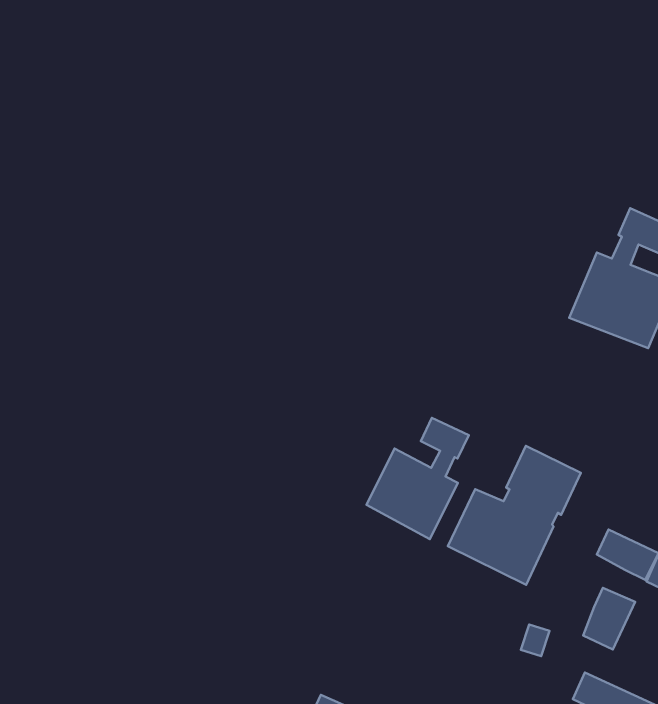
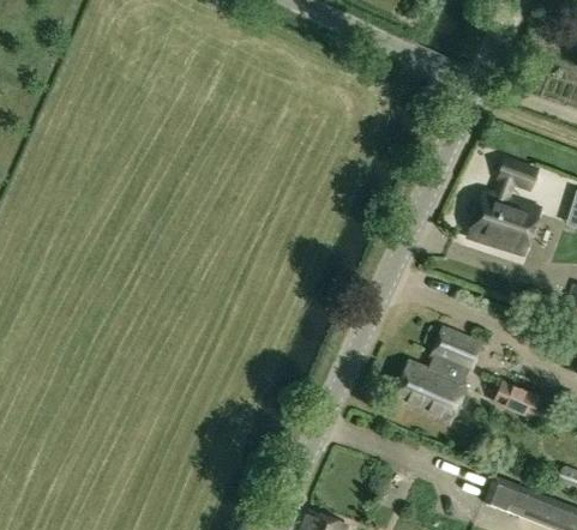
building: [367,418,469,539] -> none
building: [583,588,635,649] -> none

